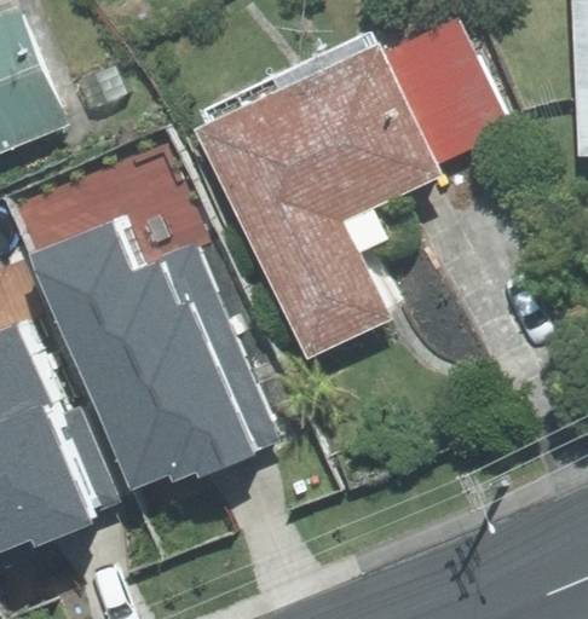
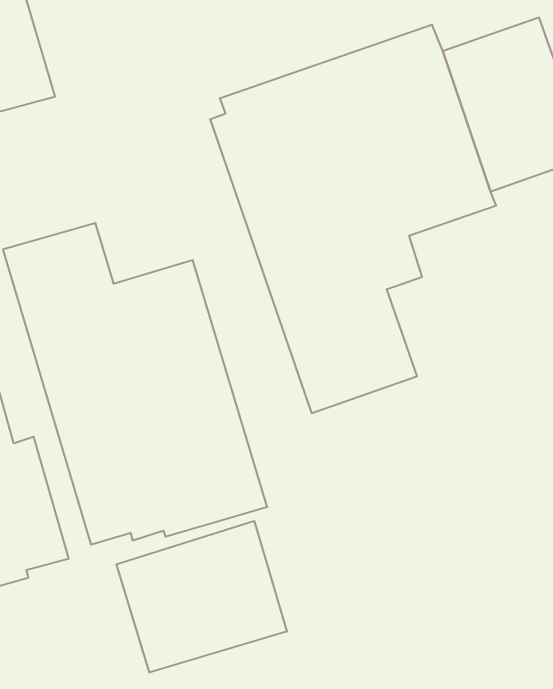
building: none -> [116,521,287,673]

